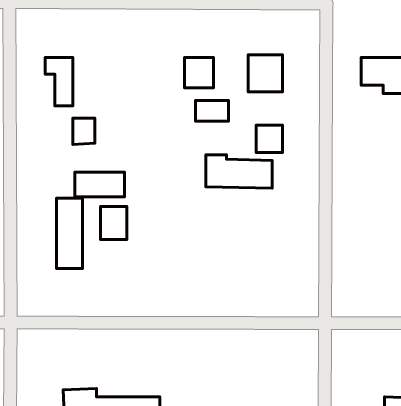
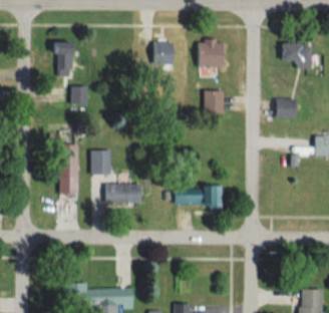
building: [196,101,229,121] -> none
building: none -> [276,99,297,118]
building: [206,155,272,188] -> [175,183,223,207]
building: [75,172,124,197] -> [105,185,141,203]

